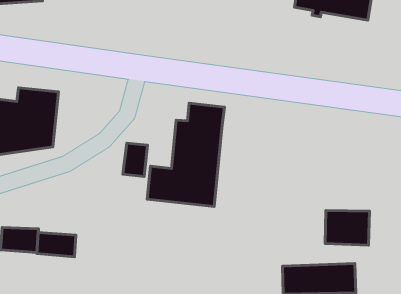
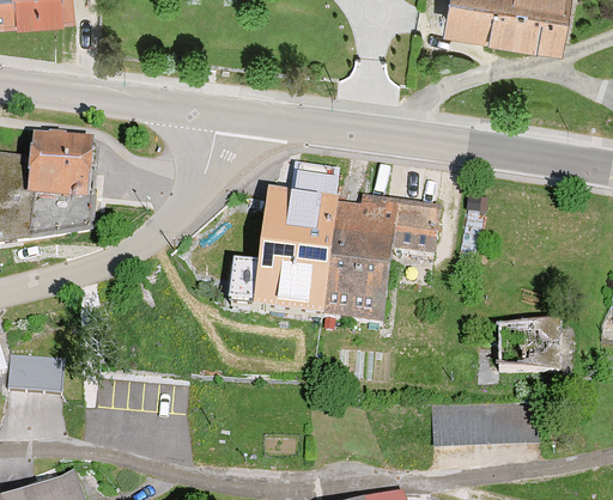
building: none -> [327,200,436,327]
building: [123,143,147,176] -> none
building: [37,233,76,257] -> none

